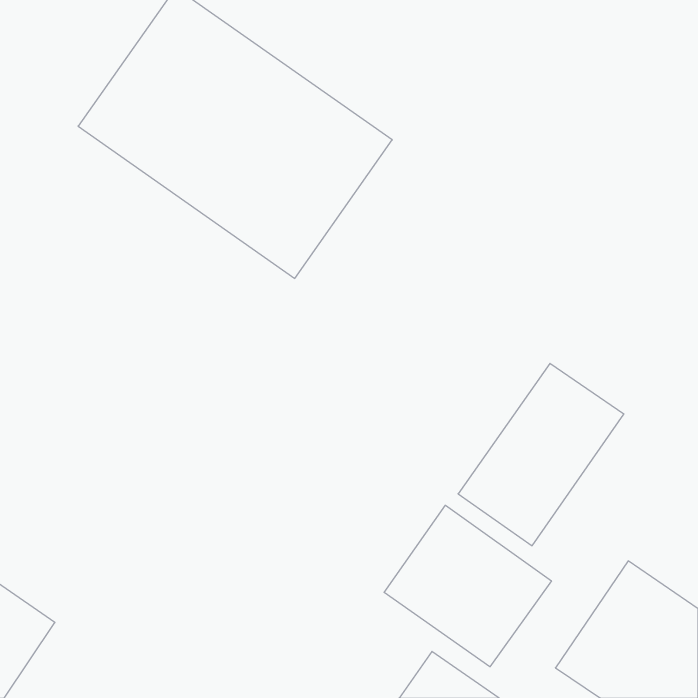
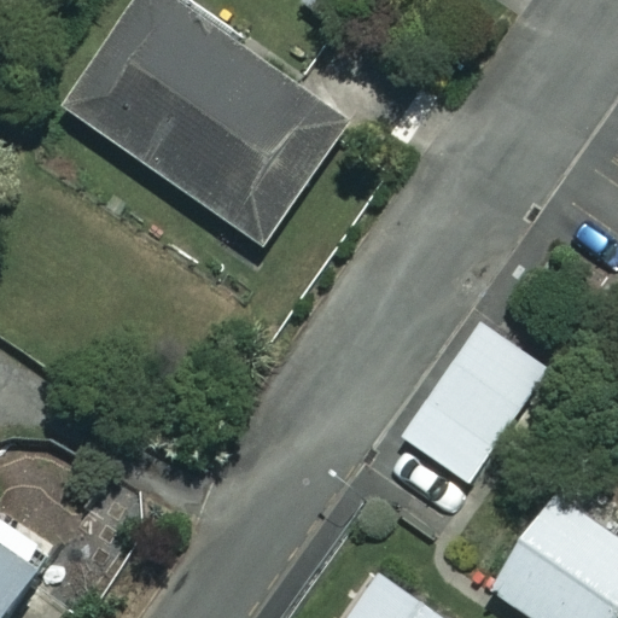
building: [384,505,551,667] -> none

